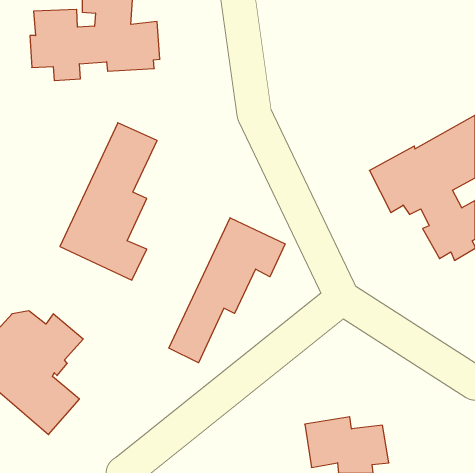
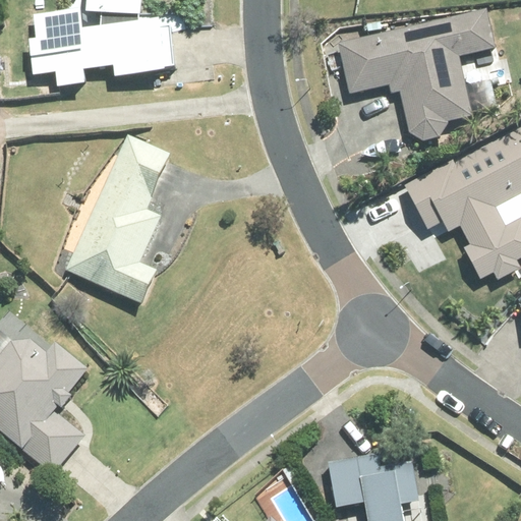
building: none -> [336,10,491,143]
building: [169,218,285,363] -> none

